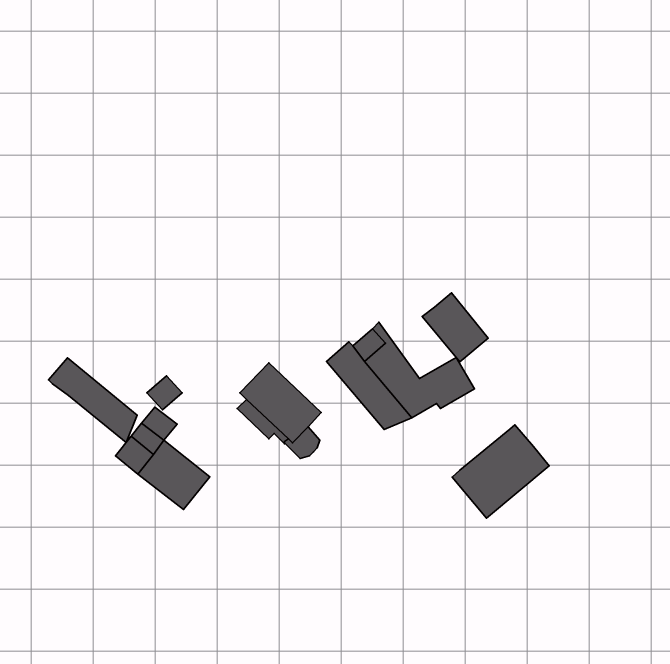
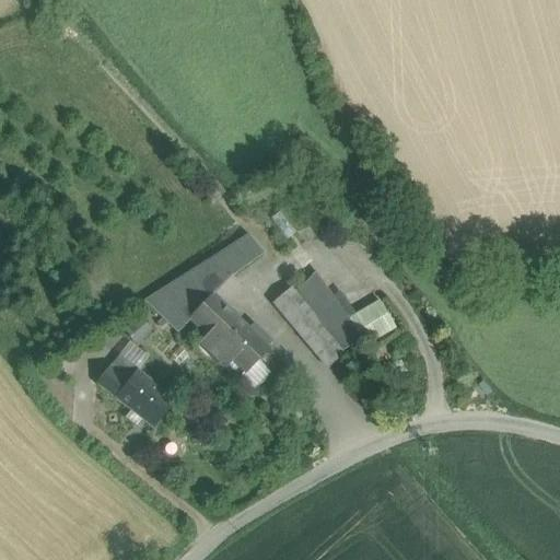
building: none -> [144,233,261,330]
building: [422,293,488,362] -> none
building: [48,358,137,442] -> none
building: [452,425,549,518] -> none

